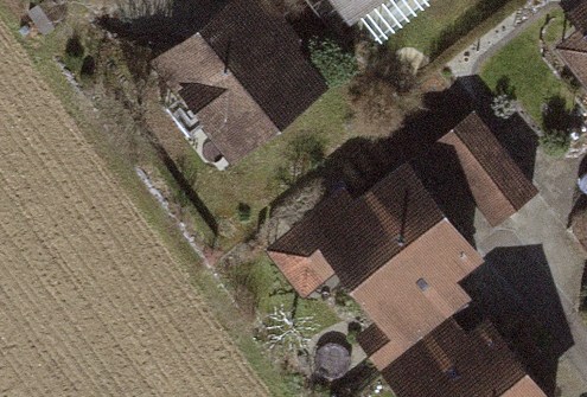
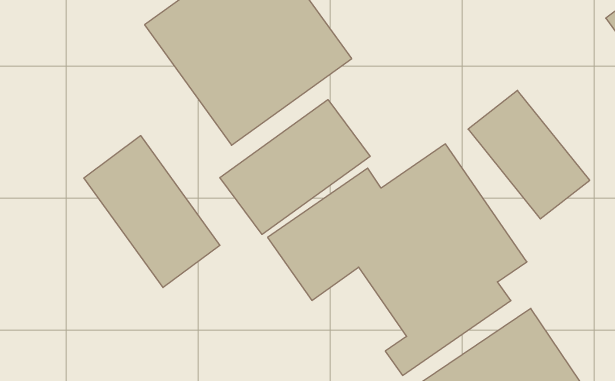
building: none -> [220,100,370,234]
building: none -> [84,136,220,288]

